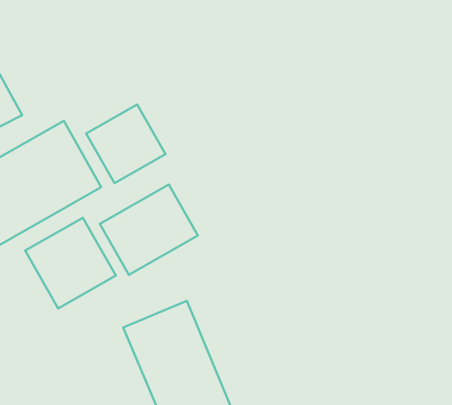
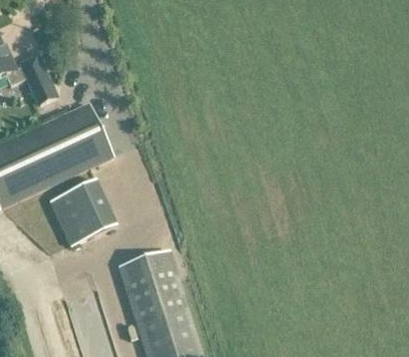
building: [86,104,165,183] -> none
building: [100,185,198,275] -> none

